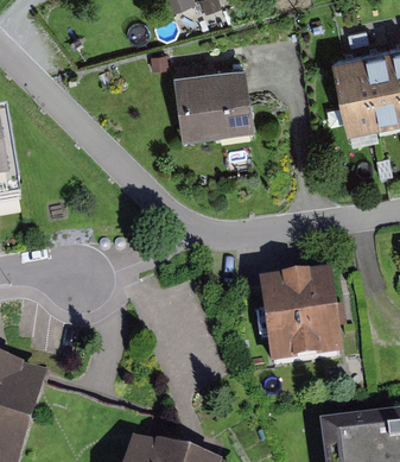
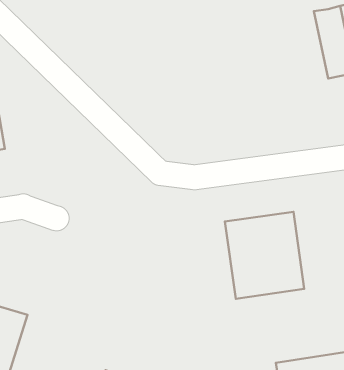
building: [330,45,373,125] -> none
building: [171,58,252,132] -> none

